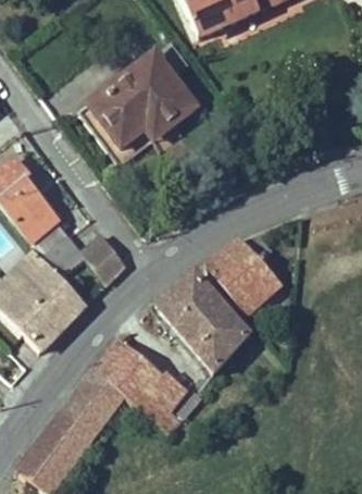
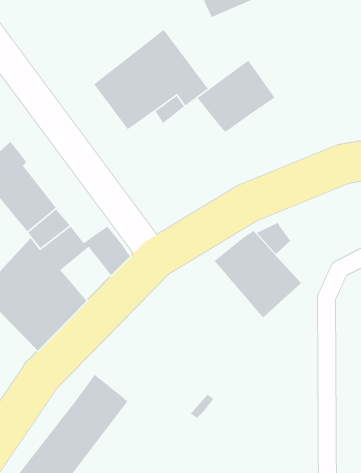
building: none -> [197,59,275,133]
building: [142,271,251,376] -> none
building: [92,337,186,431] -> none

